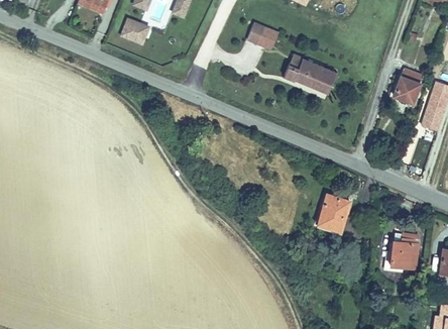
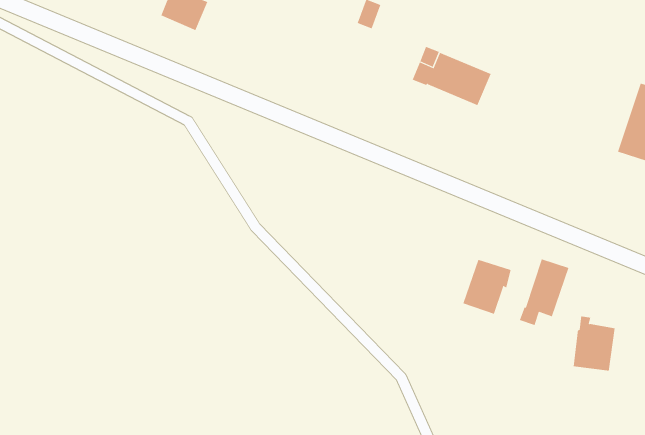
building: [395,70,423,103] -> none
building: none -> [519,258,569,326]

